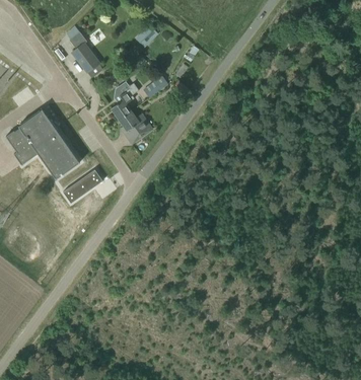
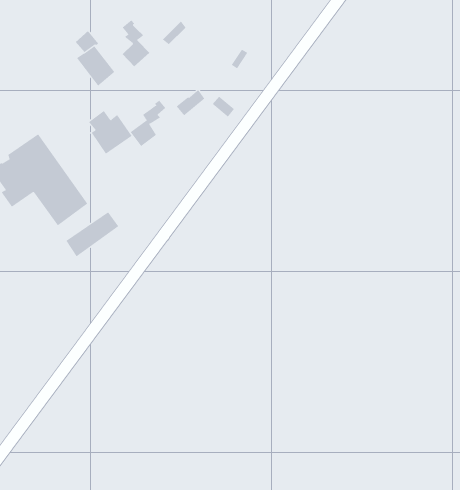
building: none -> [122,20,150,67]
building: [119,110,152,144] -> [88,110,132,154]

